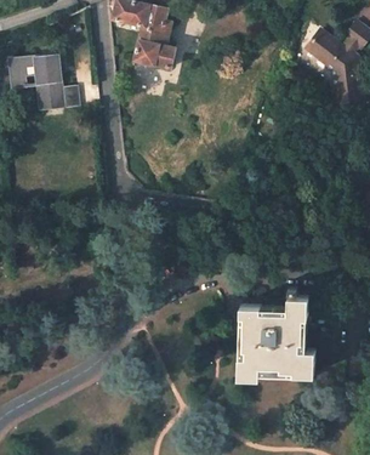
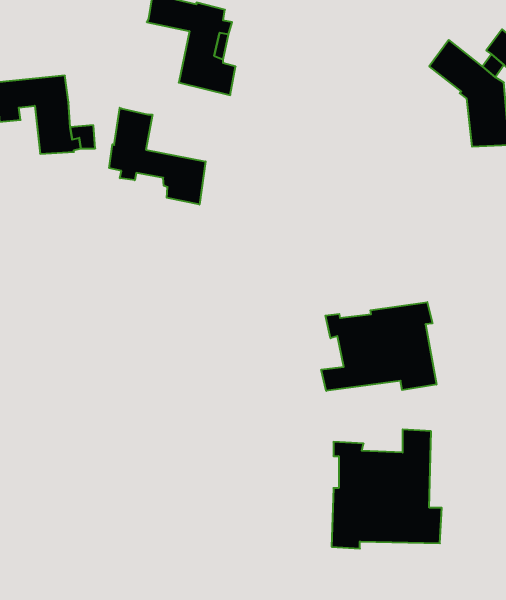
building: none -> [109,108,206,205]
building: none -> [321,302,436,391]

